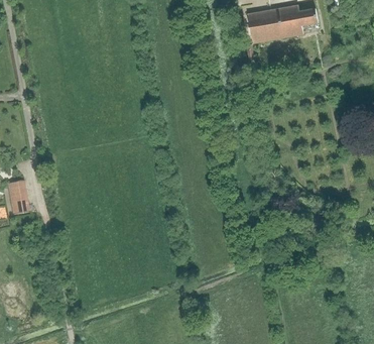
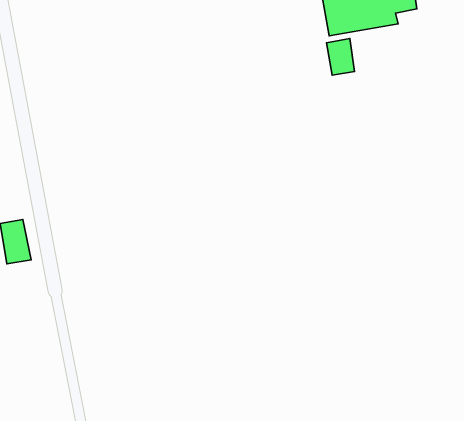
building: none -> [326,39,355,75]

